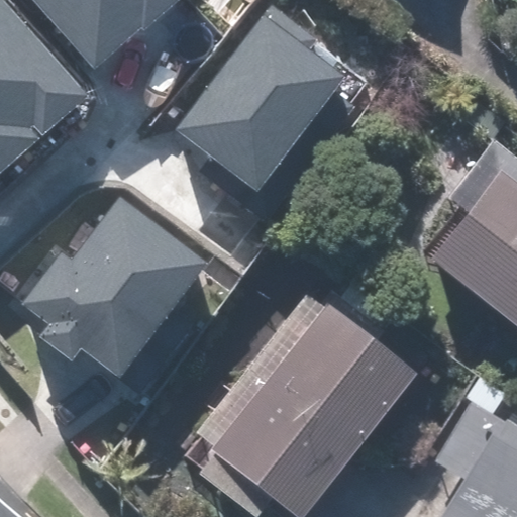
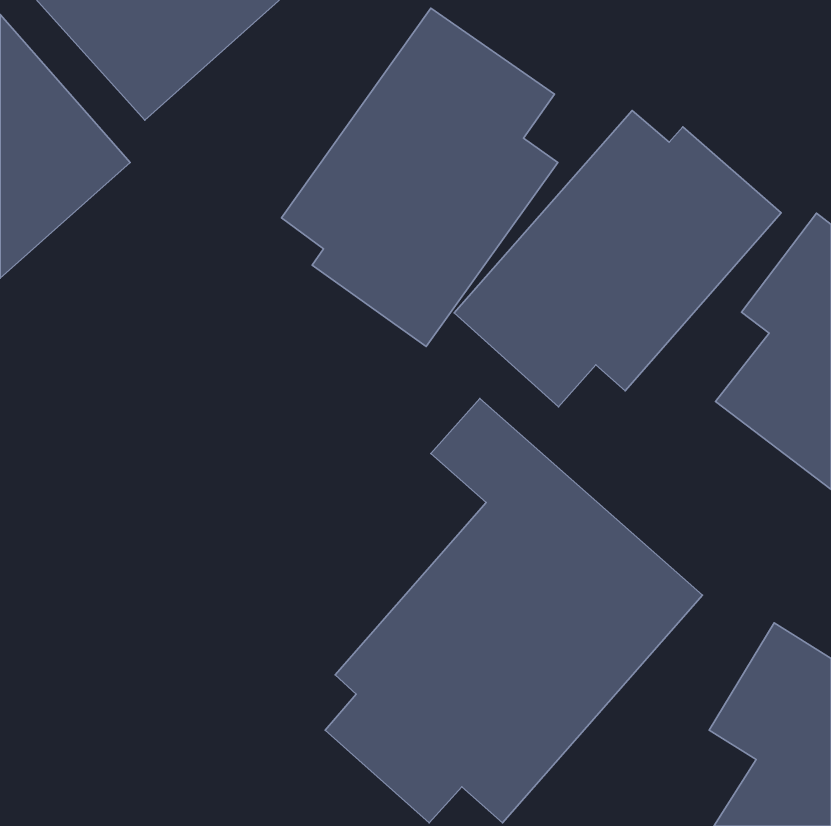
building: none -> [454,111,781,407]
building: [11,196,200,392] -> none

